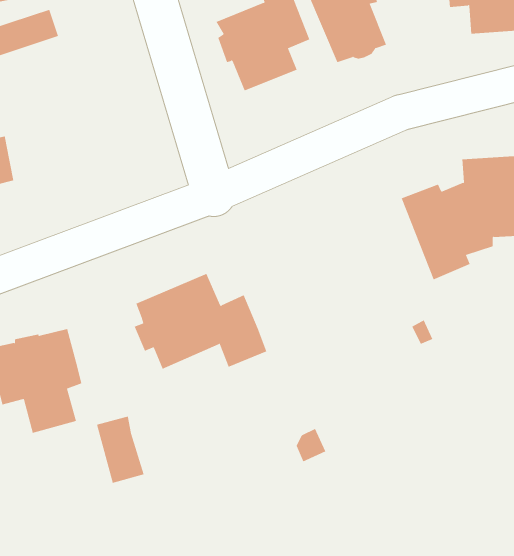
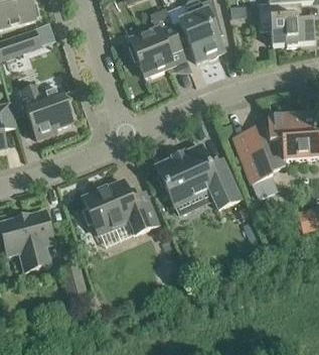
building: none -> [20,83,71,138]
building: none -> [155,144,240,216]

